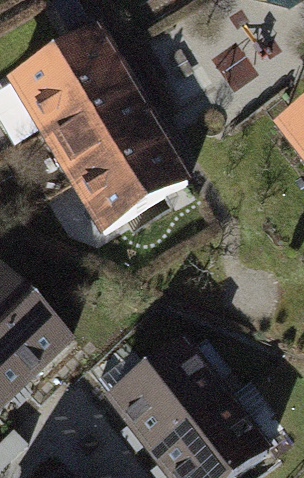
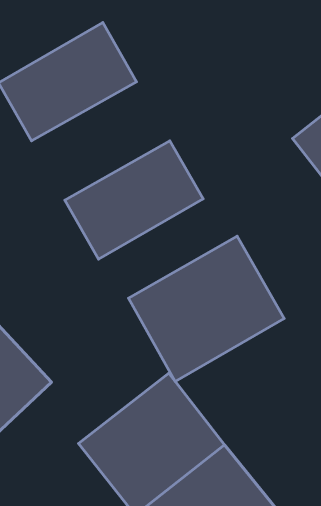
building: [44,74,168,180] -> none
building: none -> [128,236,284,381]

